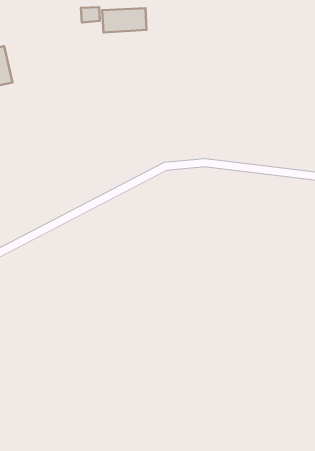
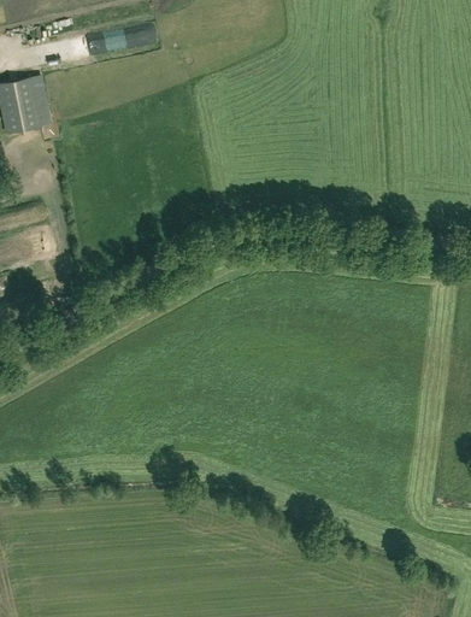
building: [102,8,147,32] -> none

